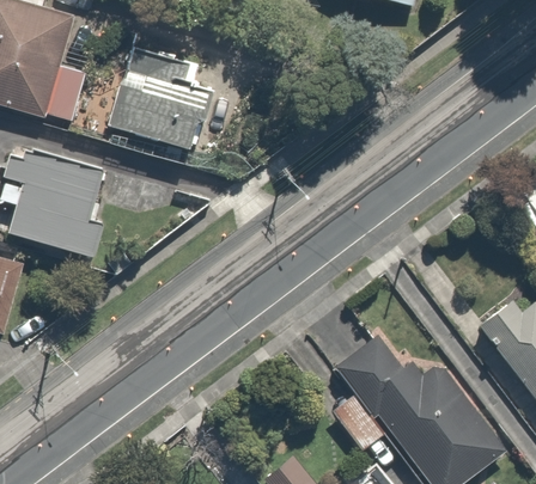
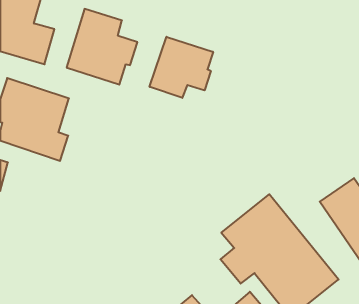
building: none -> [150,37,213,98]

